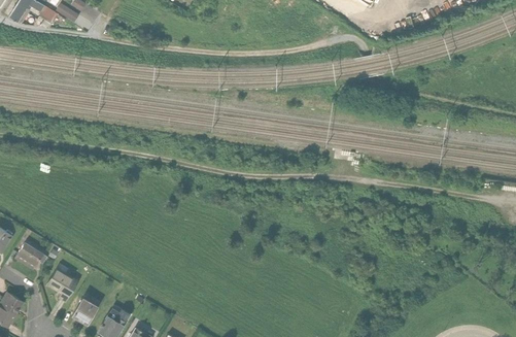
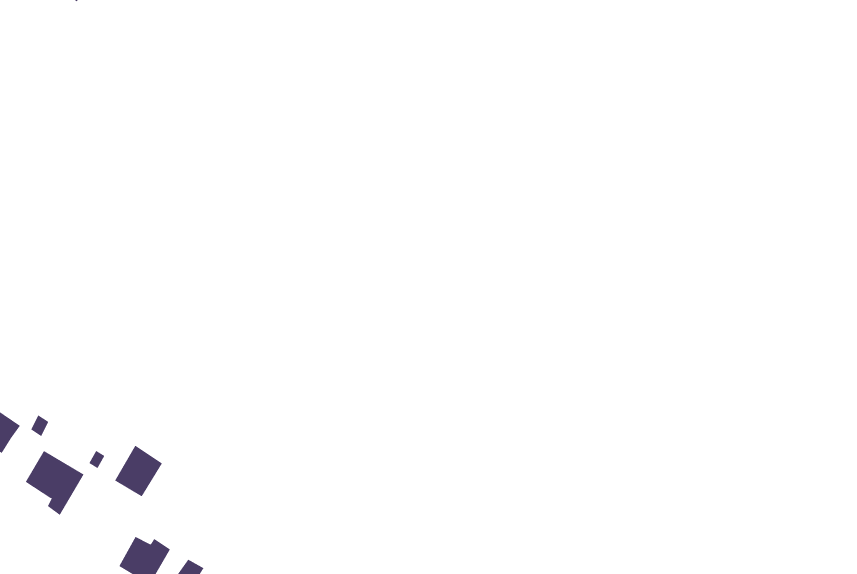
building: [72,296,99,325] -> [114,445,163,497]

